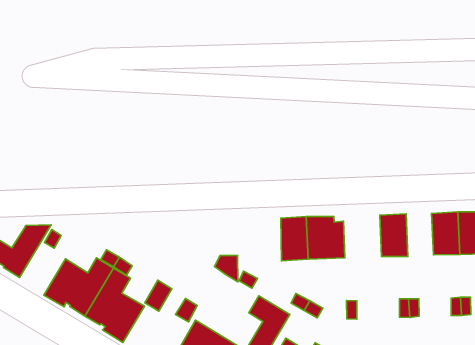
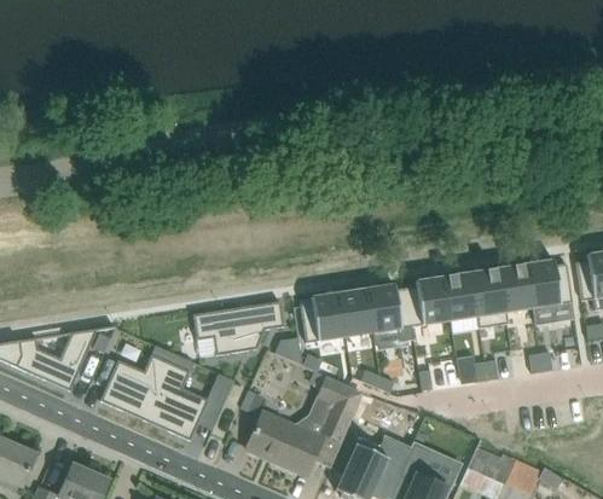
building: none -> [471,268,505,317]
building: none -> [406,277,451,326]
building: none -> [300,292,346,343]
building: none -> [193,303,284,355]

